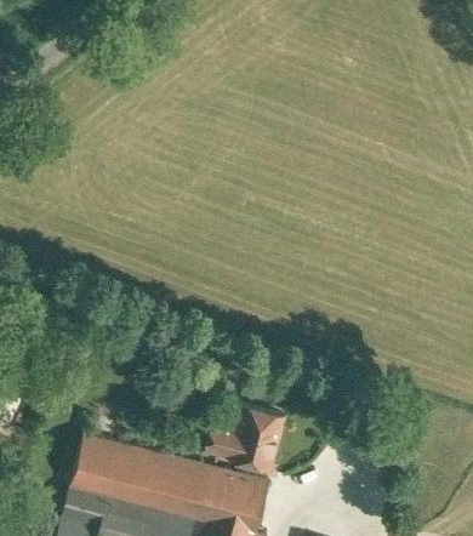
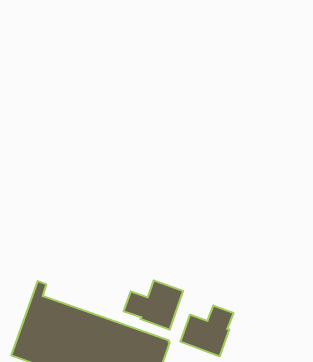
building: none -> [180,305,233,356]

